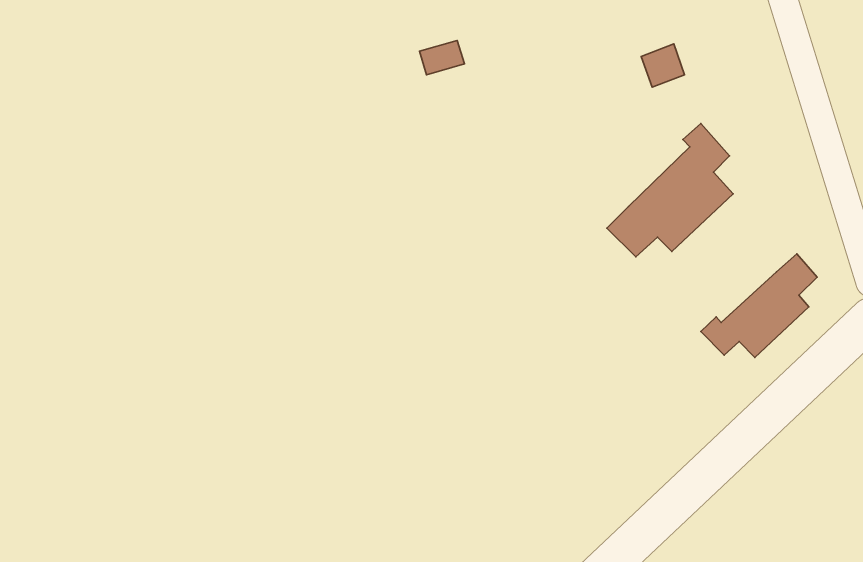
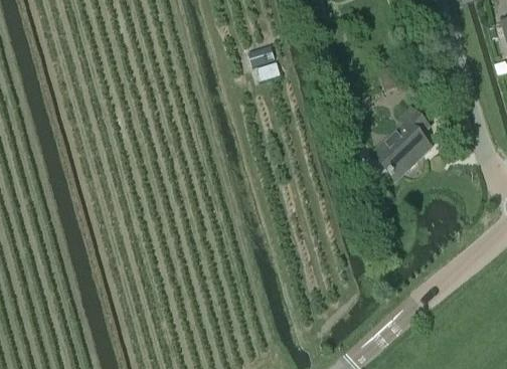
building: [701,254,817,358] -> none

